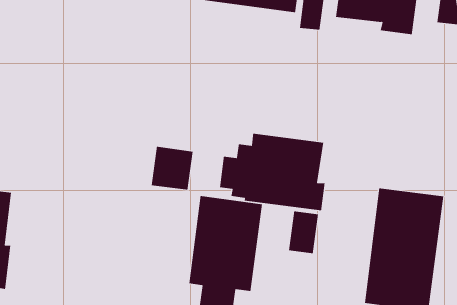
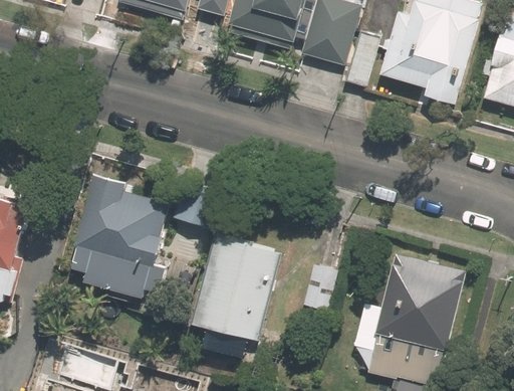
building: [219,133,325,211] -> none
building: none -> [68,175,169,299]

